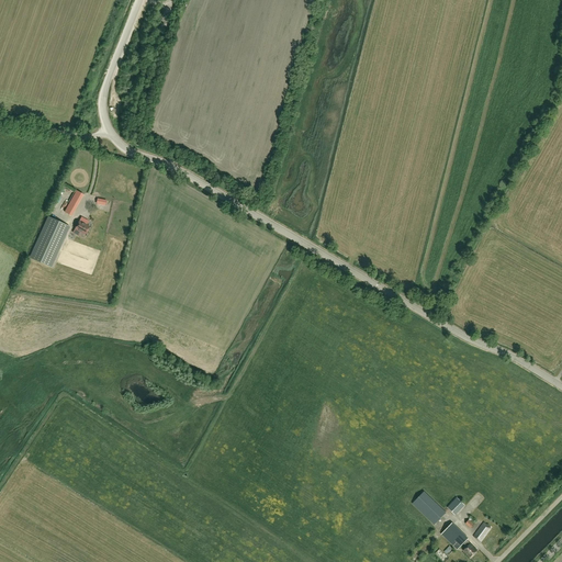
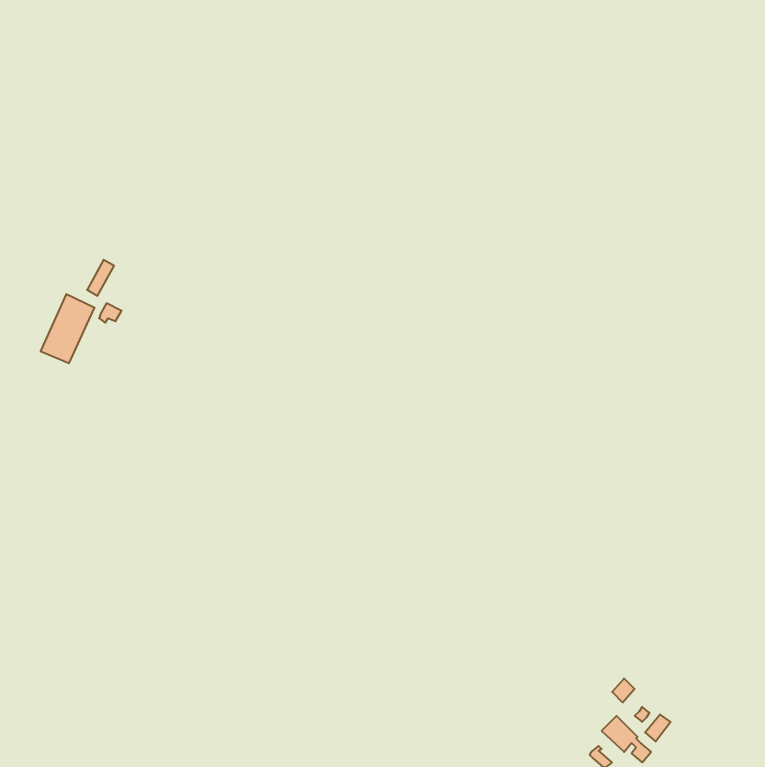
building: [412,492,445,525] -> none

